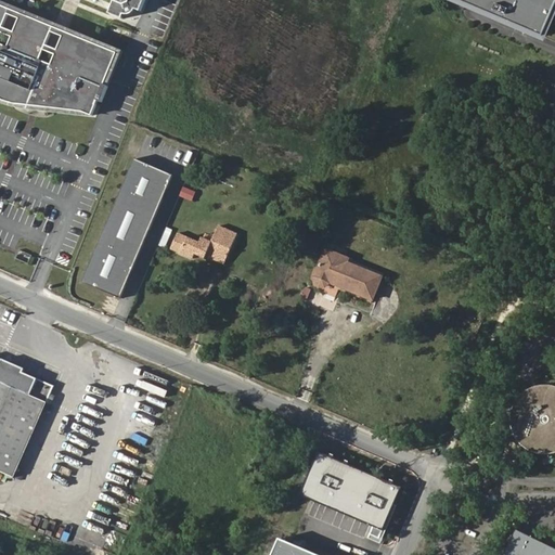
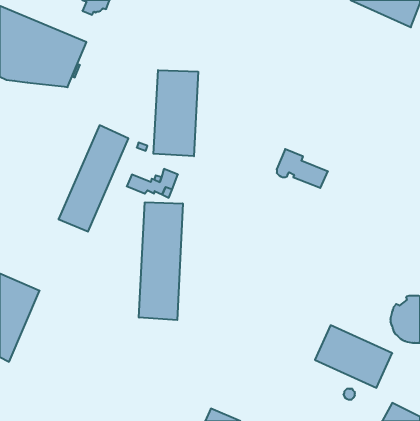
building: none -> [153,70,198,156]
building: [313,245,380,296] -> [277,149,328,188]
building: none -> [139,202,183,320]
building: [300,453,402,535] -> [315,325,392,388]

